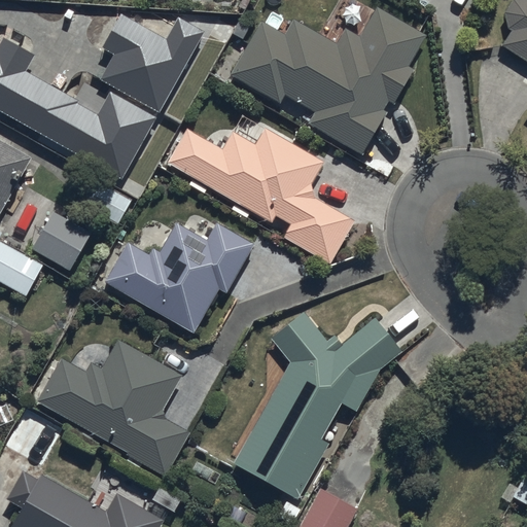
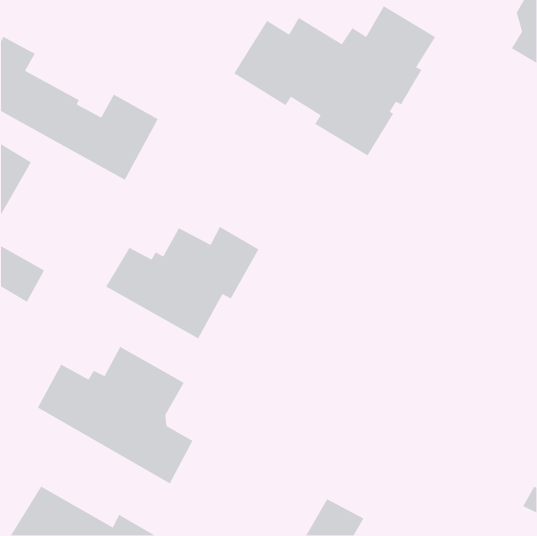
building: [101,11,204,111] -> none
building: [166,129,354,264] -> none
building: [30,212,91,270] -> none
building: [232,313,401,500] -> none

